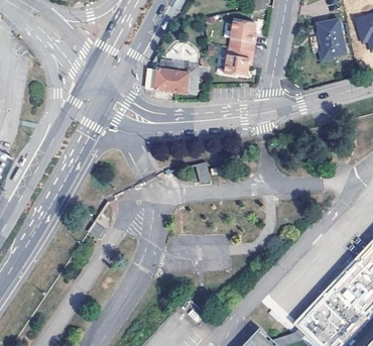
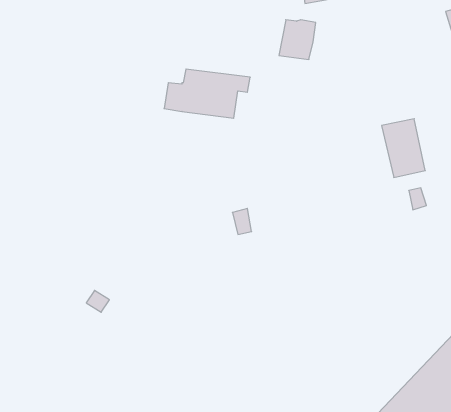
building: [316,18,348,62] -> [382,119,425,177]
building: [225,49,252,78] -> none

